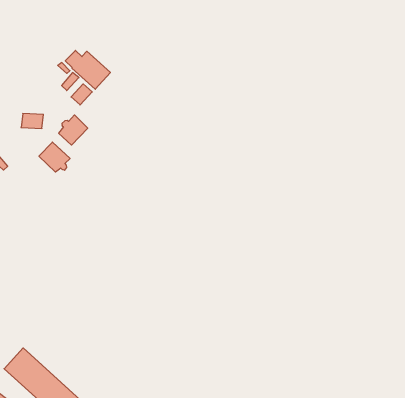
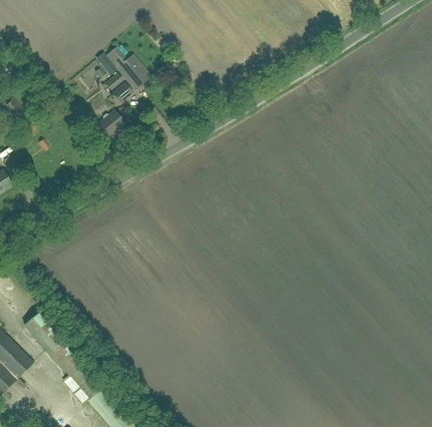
building: [39,142,70,172] -> none

